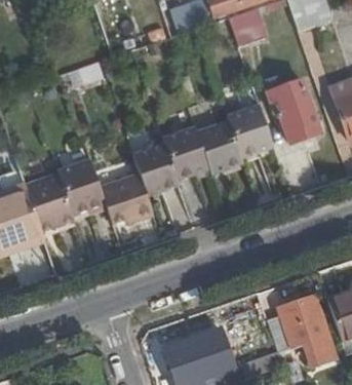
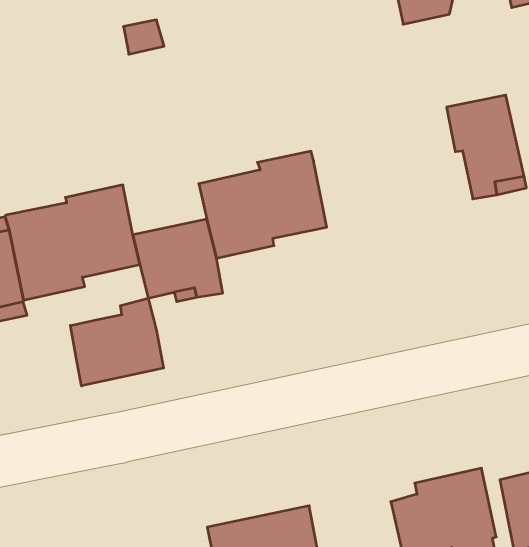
building: [197,105,273,172] -> none
building: none -> [70,298,164,386]

